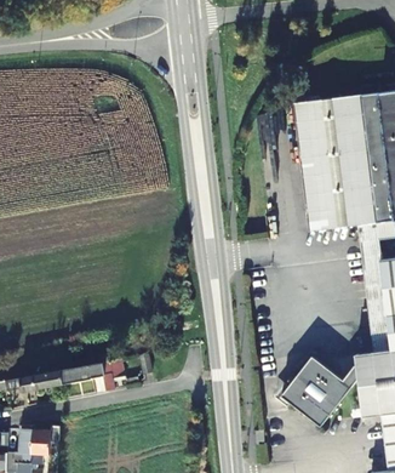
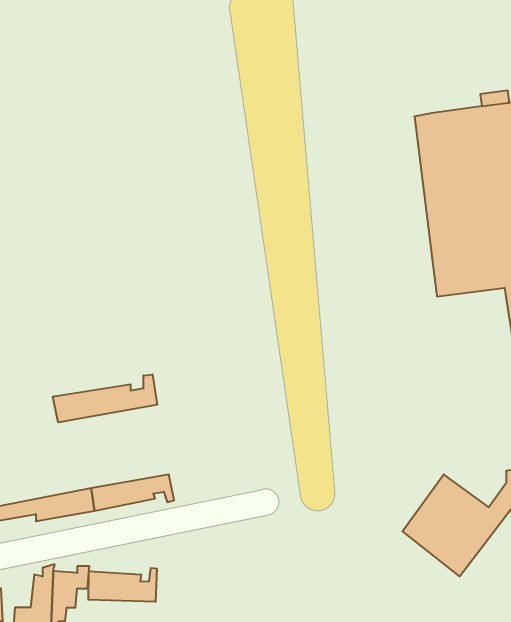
building: none -> [53,374,157,422]
building: none -> [88,568,157,602]

